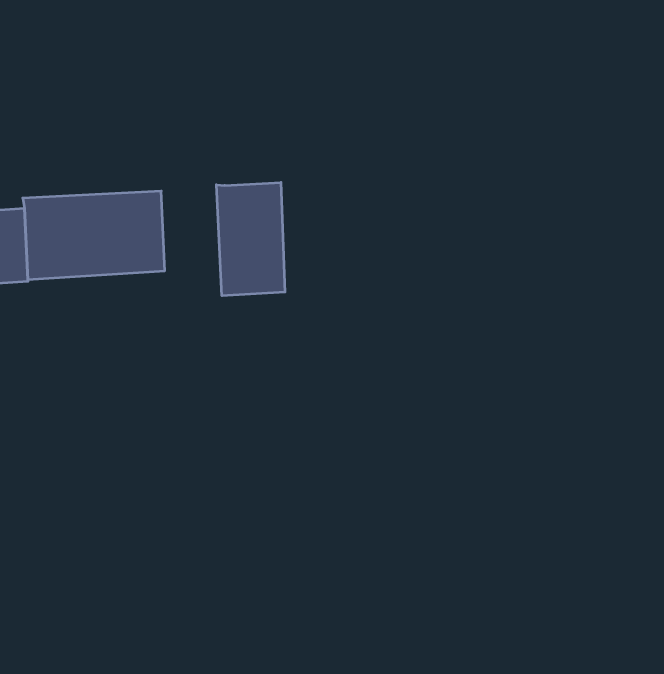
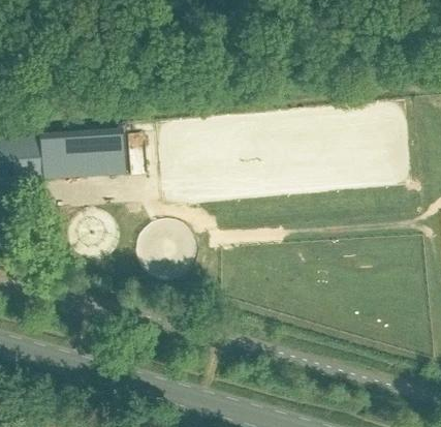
building: [216,182,285,296] -> none

